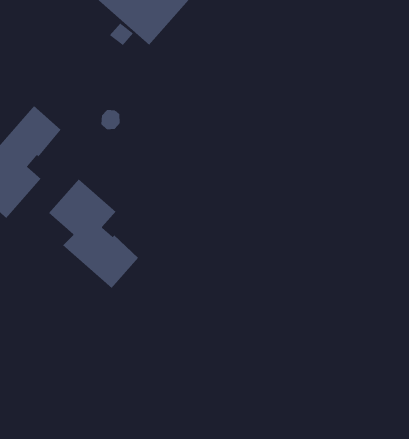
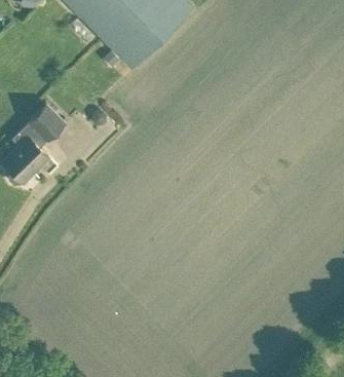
building: [48,178,139,289] -> none

